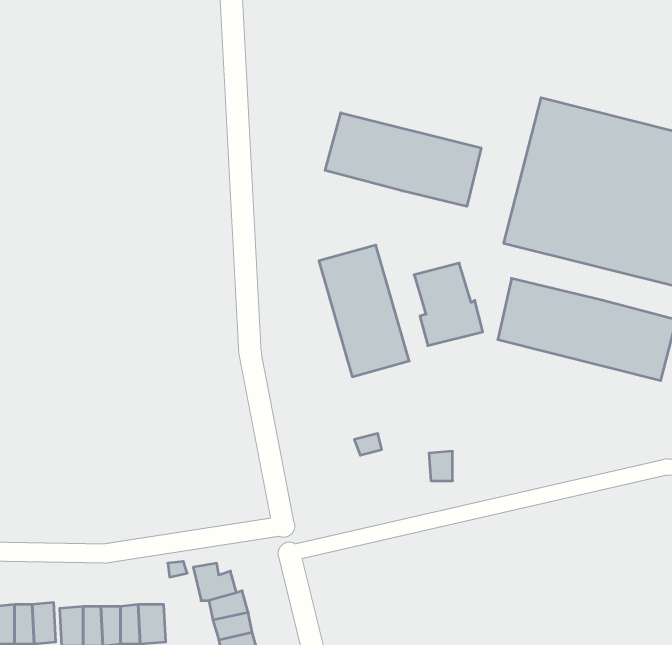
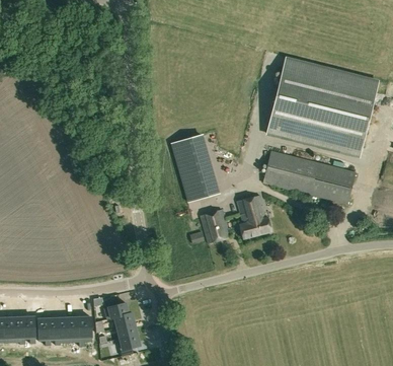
building: [325,113,481,206] -> none
building: [414,263,483,346] -> [237,195,272,237]
building: none -> [200,209,230,243]

